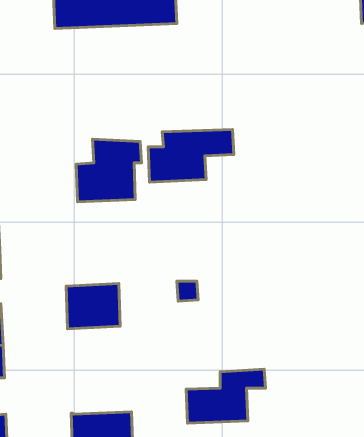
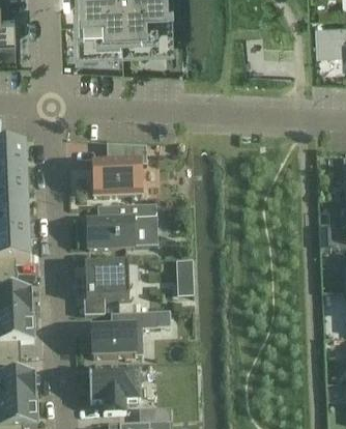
building: [148,129,234,182] -> [87,206,157,250]
building: [186,369,265,423] -> [91,314,156,359]

